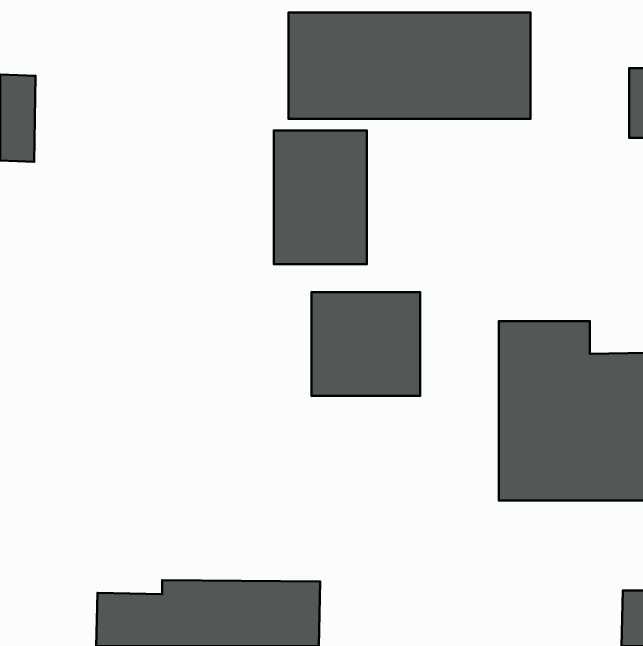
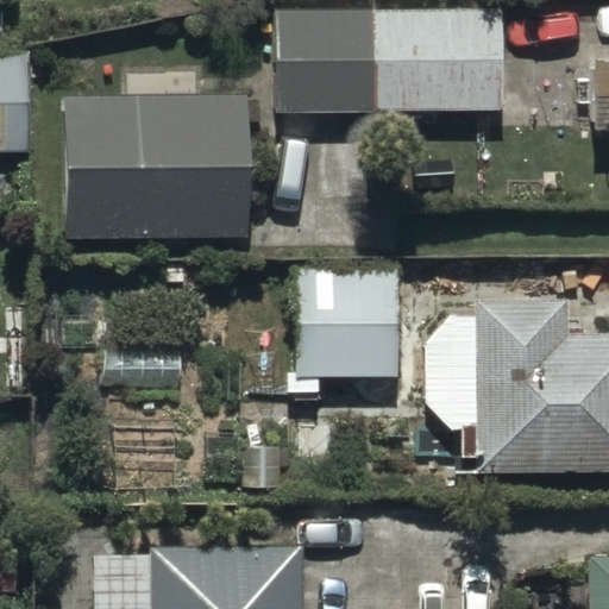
building: none -> [64,95,246,234]
building: [274,131,367,264] -> none

